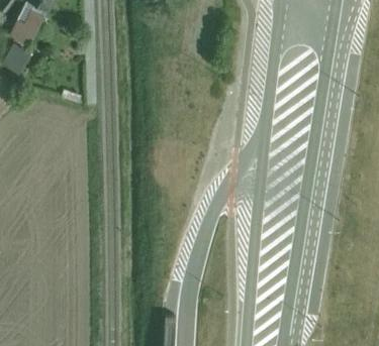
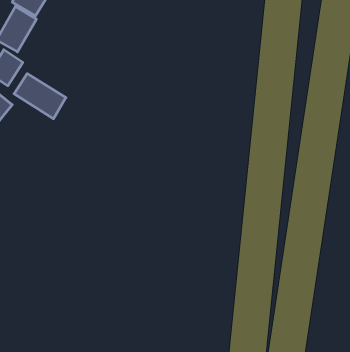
building: none -> [14,74,66,119]

